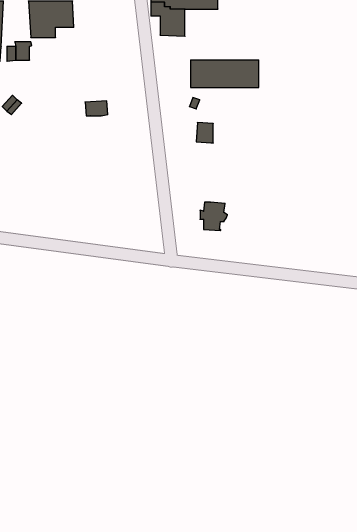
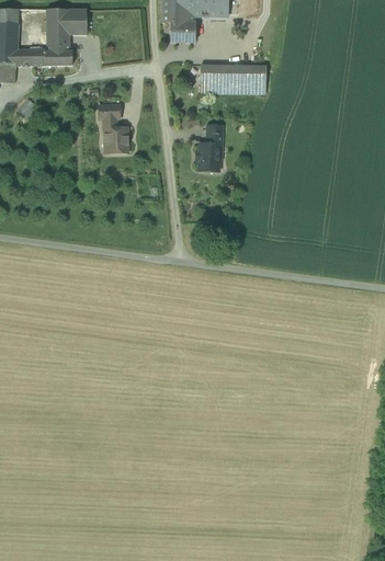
building: none -> [45,43,73,65]
building: none -> [104,118,128,152]
building: [200,202,227,231] -> [196,144,223,171]

